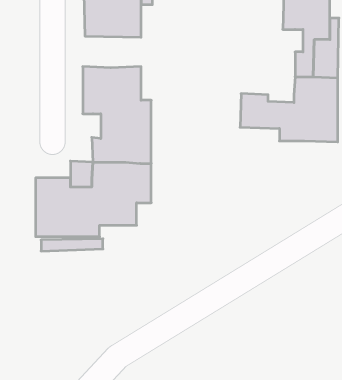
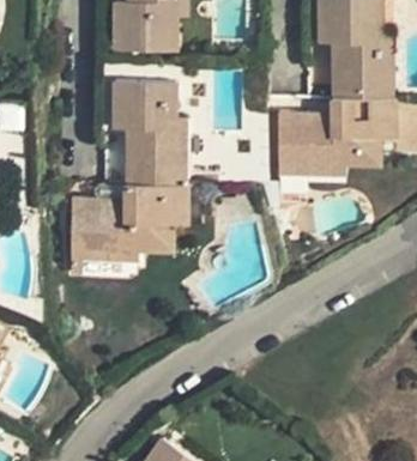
building: none -> [282,147,350,175]

